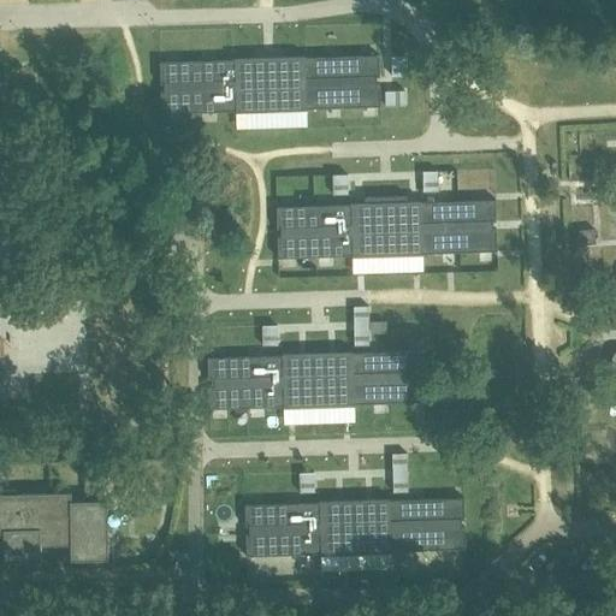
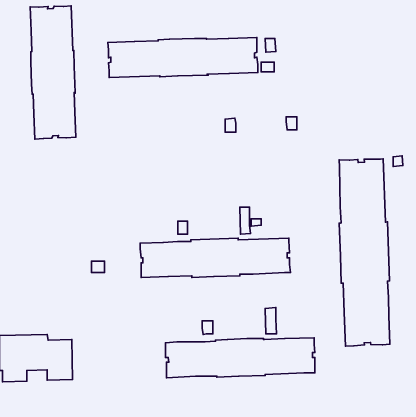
building: none -> [30,6,76,139]
building: [276,200,497,259] -> none
building: none -> [339,159,390,346]

